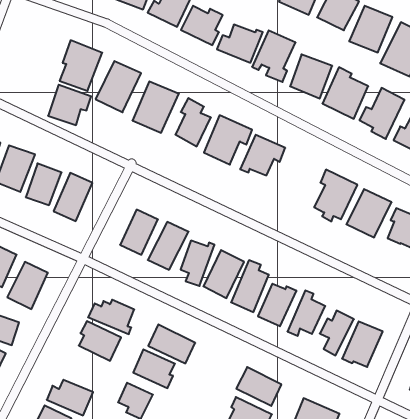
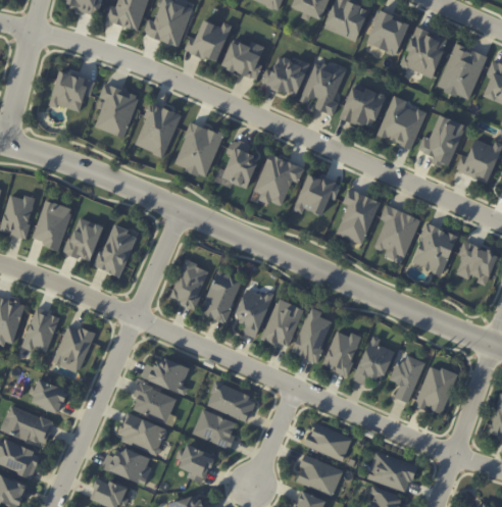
building: [48,85,91,125] -> [50,70,95,112]
building: none -> [337,189,381,244]
building: none -> [116,411,168,455]

